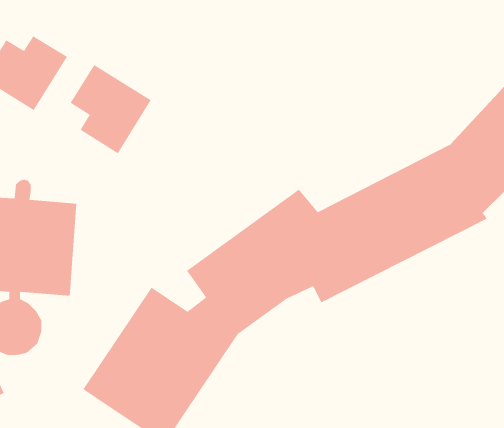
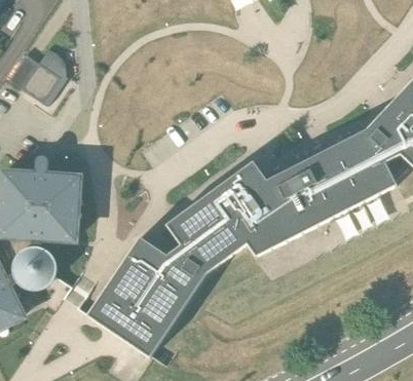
building: [70,64,151,154] -> none

